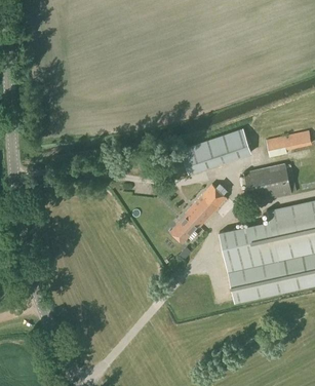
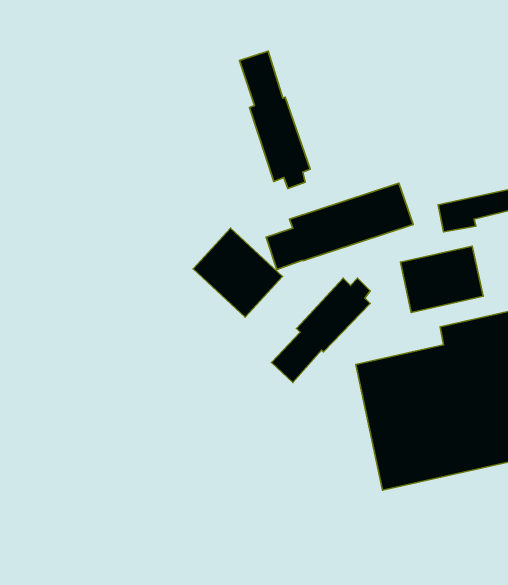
building: none -> [239,51,310,188]
building: none -> [193,228,282,317]

